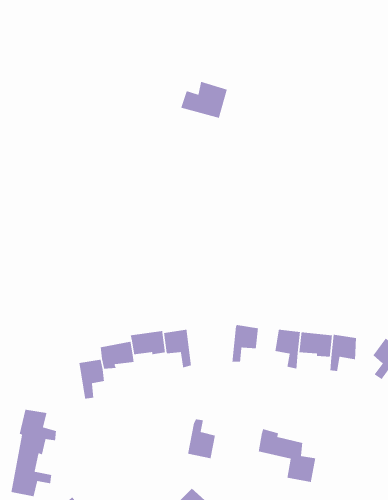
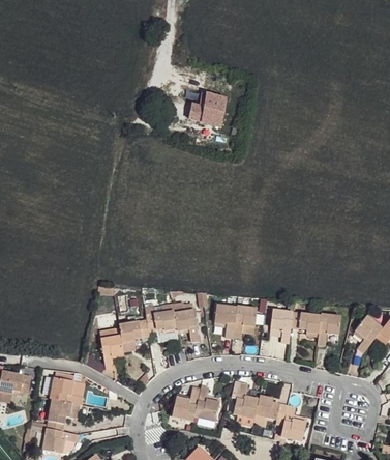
building: none -> [214,305,236,339]
building: none -> [231,382,259,419]
building: none -> [172,389,200,422]

